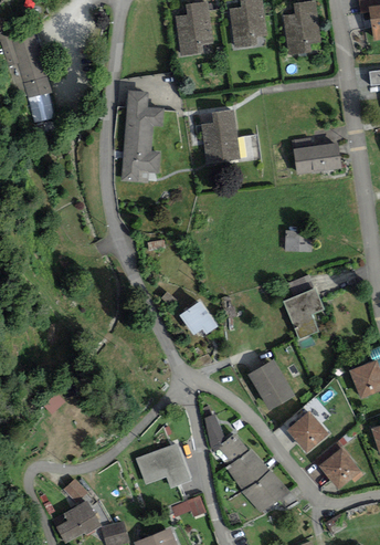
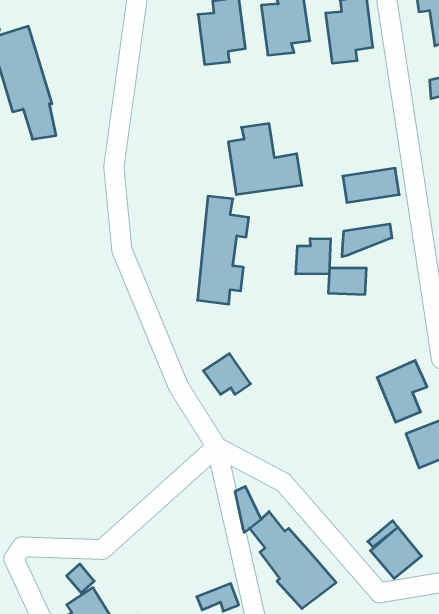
building: [122,93,165,184] -> [197,196,249,304]
building: none -> [342,224,392,257]
building: none -> [296,238,331,274]
building: [283,285,325,337] -> [377,360,427,422]
building: [249,359,296,411] -> none
building: [286,411,330,454] -> none
building: [135,441,191,486] -> none

